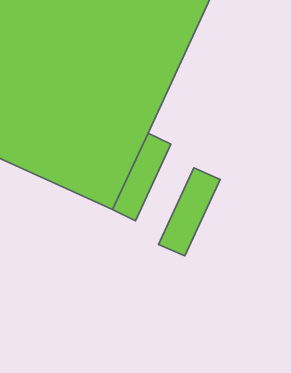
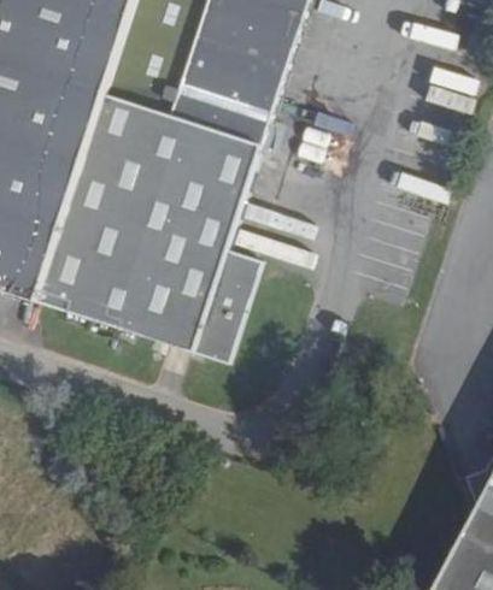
building: [158,168,220,256] -> none

